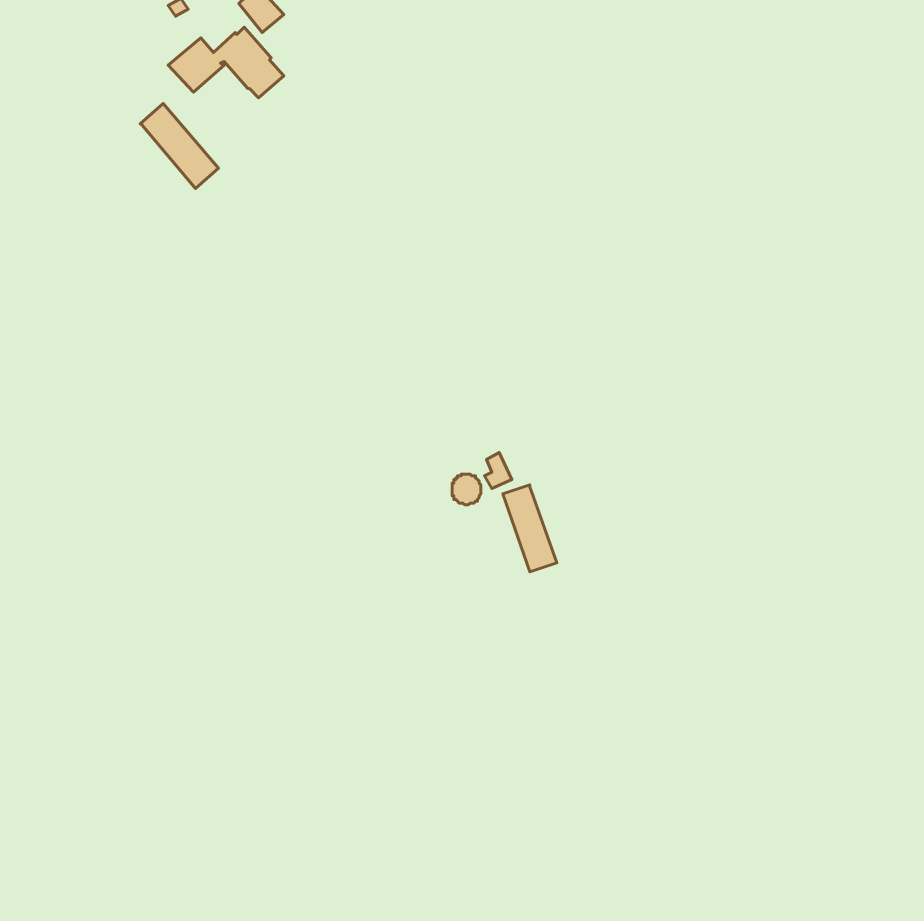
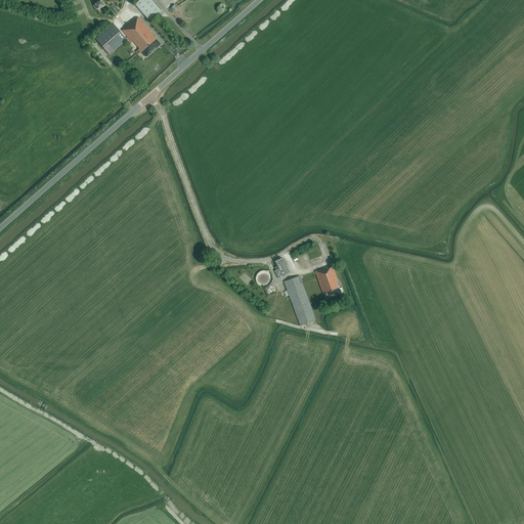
building: [140,104,218,189] -> none
building: none -> [315,265,343,297]

